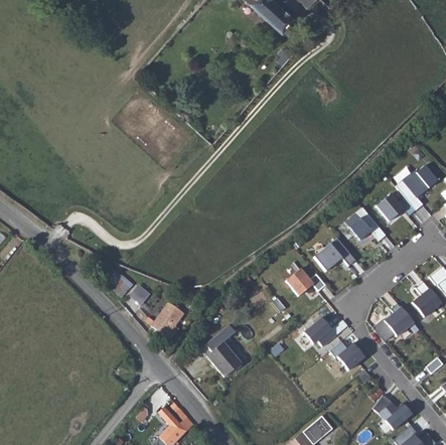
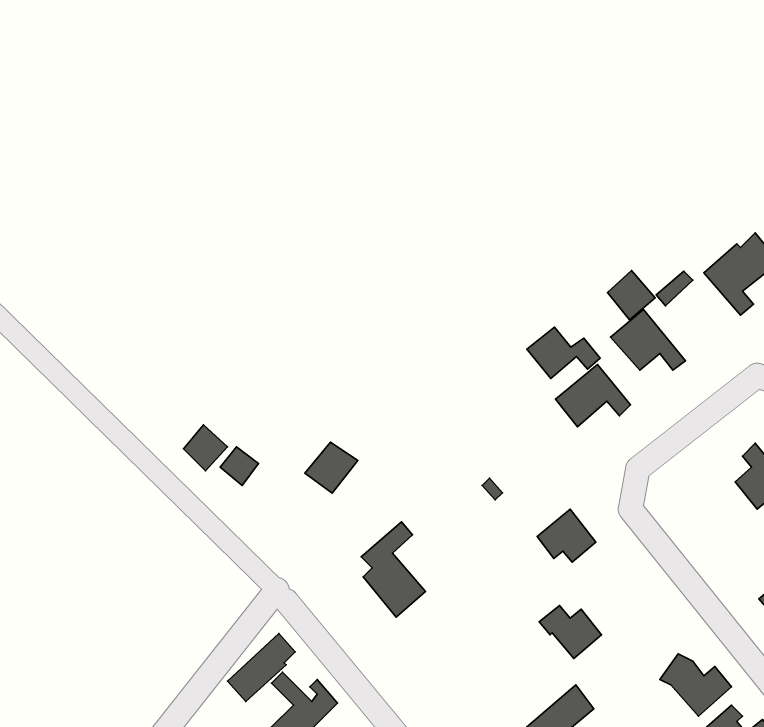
building: [377,194,403,221] -> [608,271,655,320]
building: [286,268,326,296] -> [527,327,600,378]
building: [385,303,414,336] -> none
building: [155,305,184,333] -> [305,442,358,493]
building: [330,341,364,370] -> [539,605,601,659]

